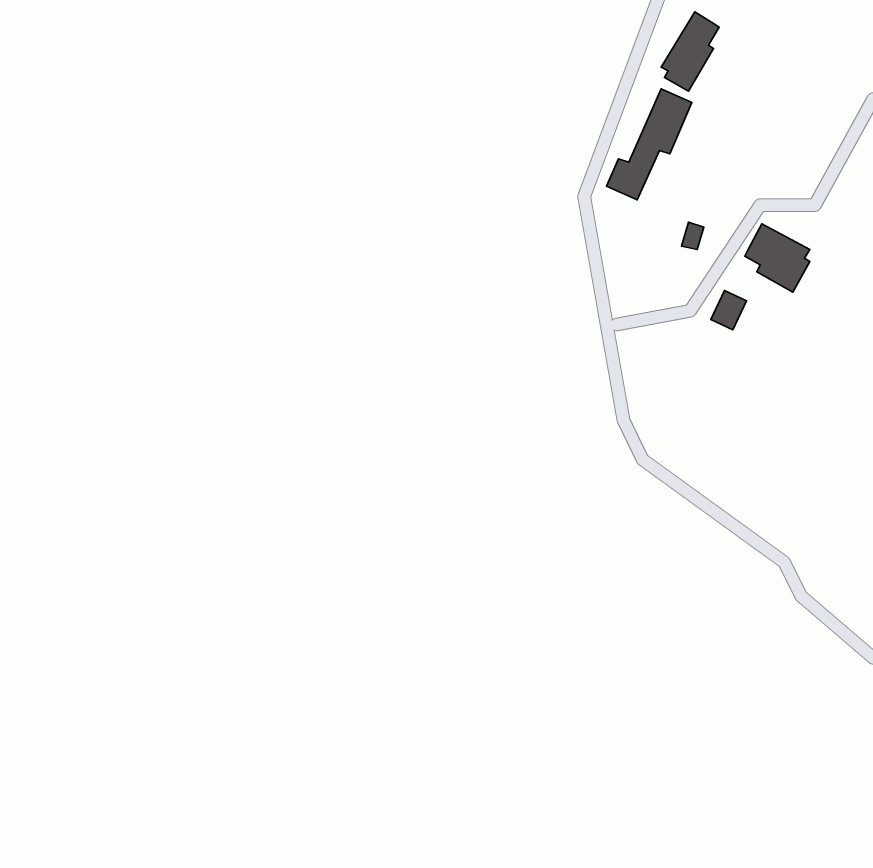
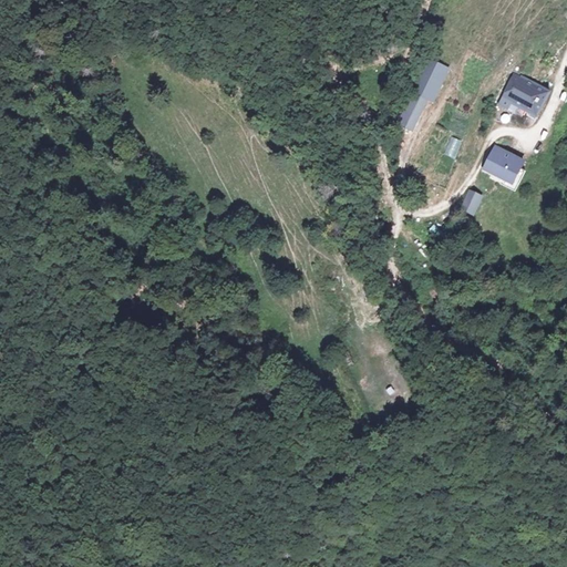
building: [661,12,719,91] -> none
building: none -> [501,74,549,112]

